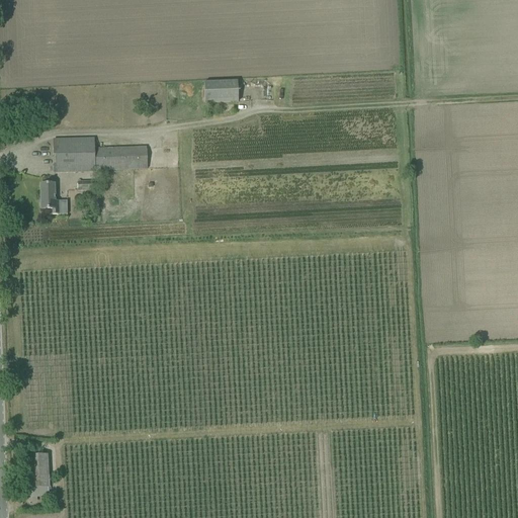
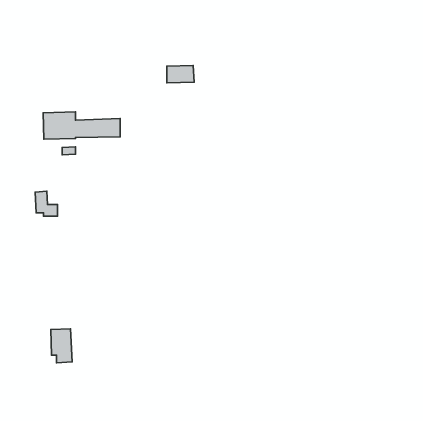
building: [40,182,68,212] -> [35,191,58,216]
building: [23,453,50,495] -> [51,329,72,363]

